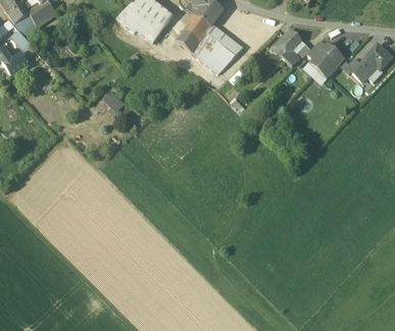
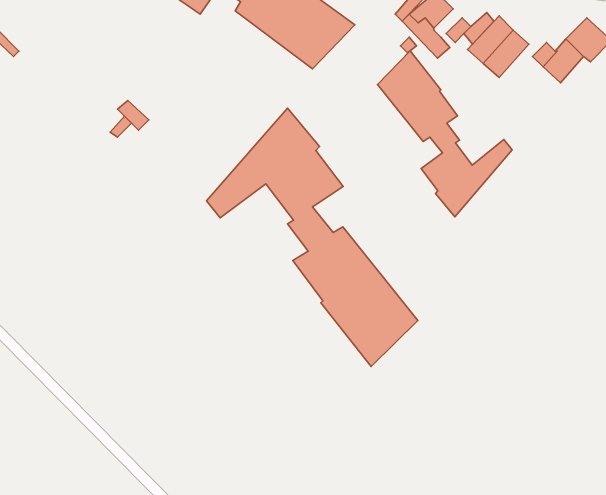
building: none -> [377,51,512,217]
building: none -> [207,108,418,366]

